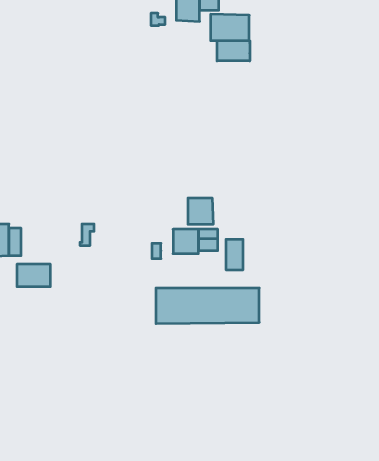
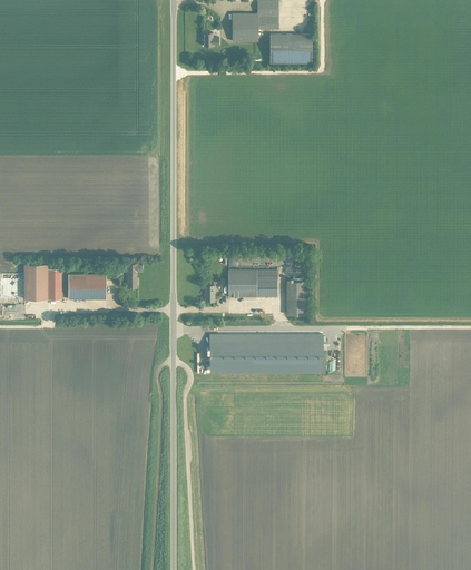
building: [217,41,250,61] -> none
building: [188,198,213,224] -> none
building: [17,264,50,287] -> [68,274,105,298]

